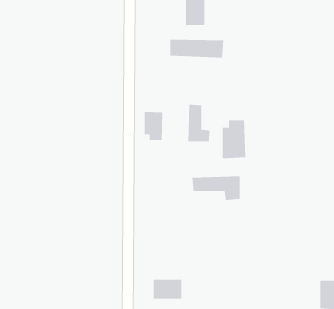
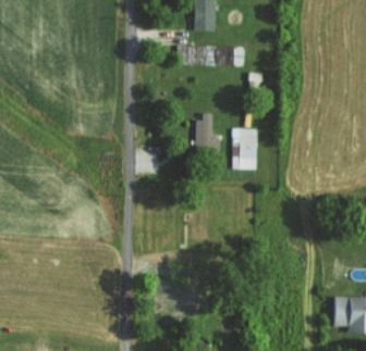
building: [144,111,163,141] -> none
building: [192,176,240,201] -> none

